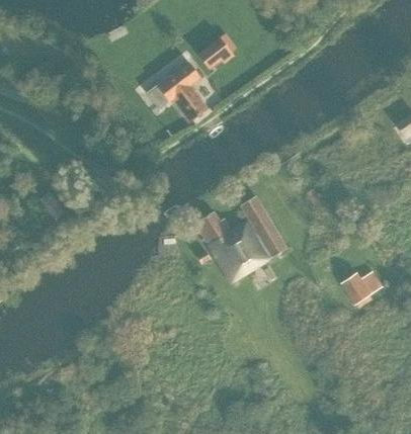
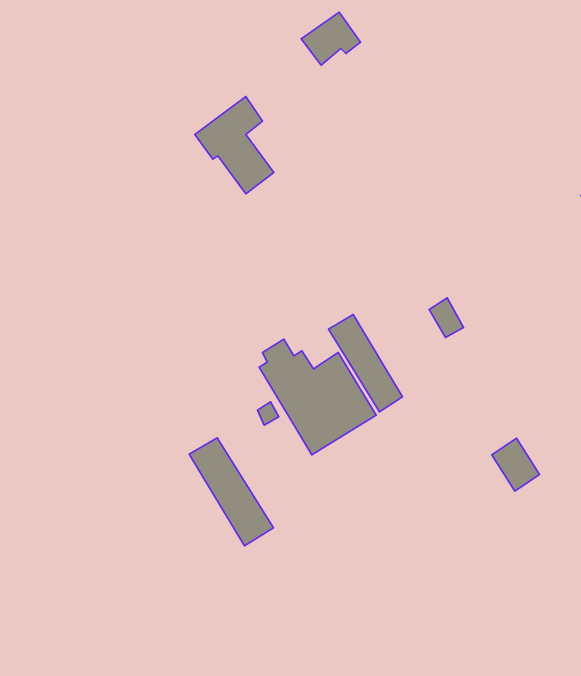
building: [195,36,232,69] -> [301,12,361,65]
building: none -> [189,438,273,546]

